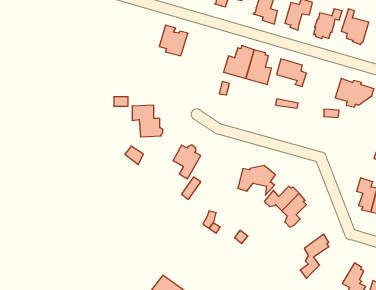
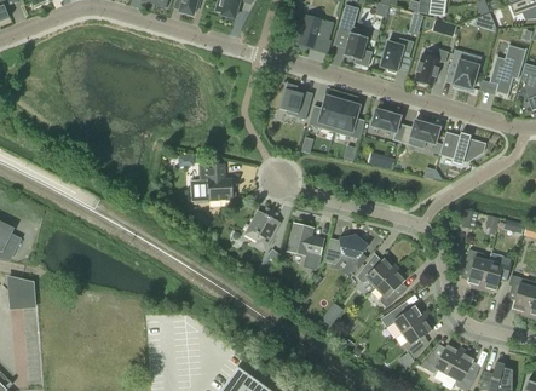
building: [159,25,188,56] -> [279,82,313,119]
building: none -> [400,120,440,144]
building: none -> [288,223,323,269]
building: none -> [381,305,426,332]
building: none -> [420,343,462,373]

